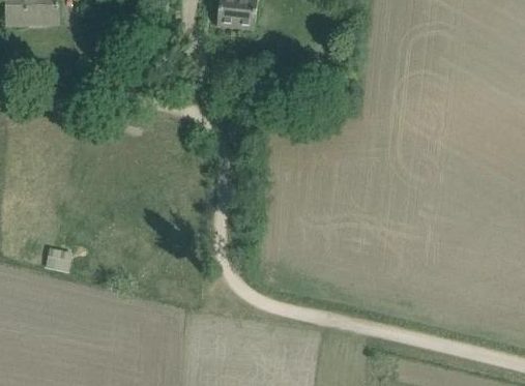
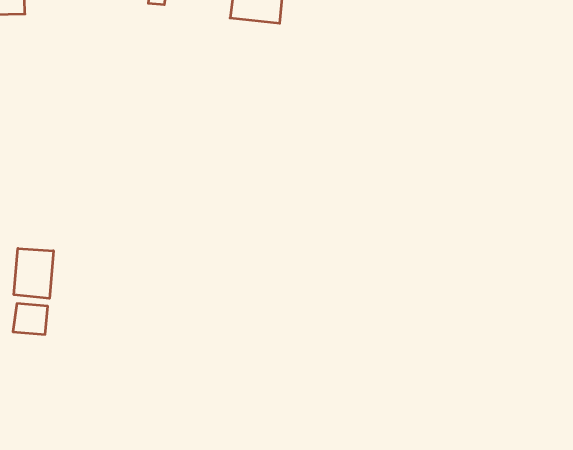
building: none -> [14,248,53,298]

